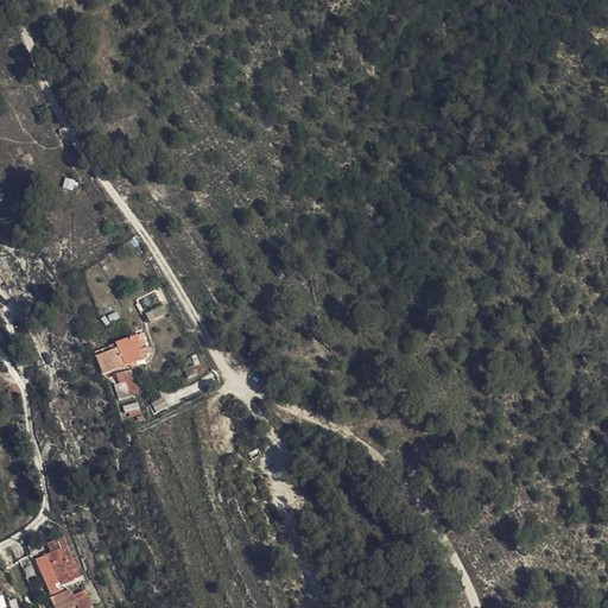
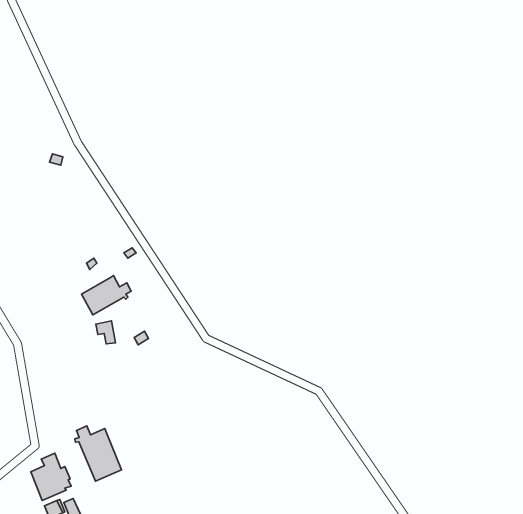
building: none -> [75,426,122,481]

